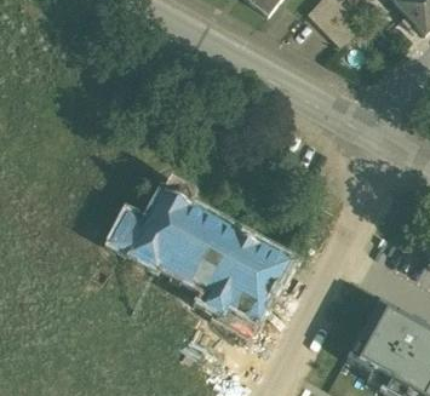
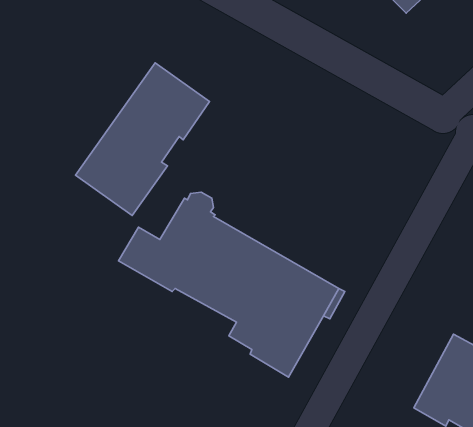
building: none -> [75,63,210,215]

